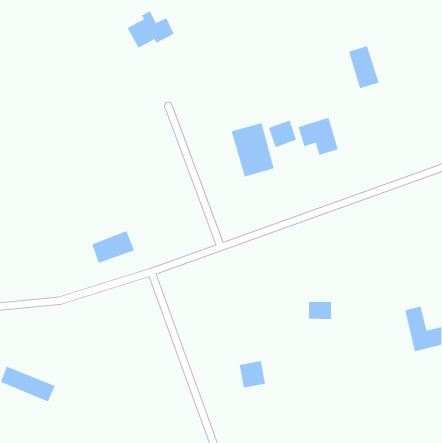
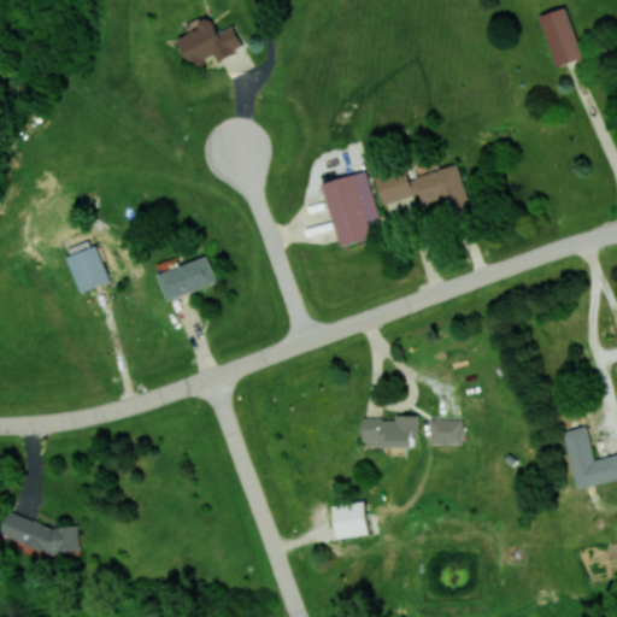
building: [348,46,380,89] -> [539,7,582,67]
building: none -> [66,246,108,293]
building: [91,230,135,263] -> [157,255,217,301]
building: none -> [362,415,417,447]

